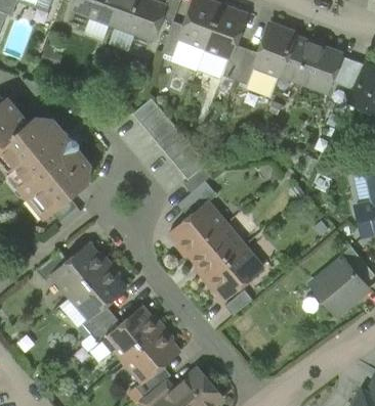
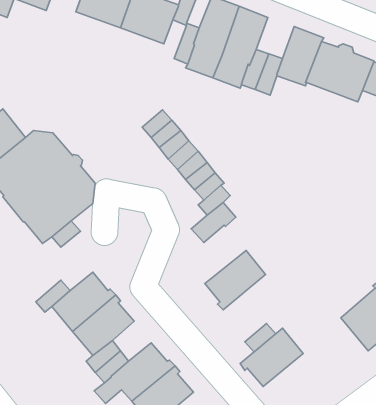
building: [171,202,226,257] -> none
building: [206,246,262,299] -> [240,328,303,386]

